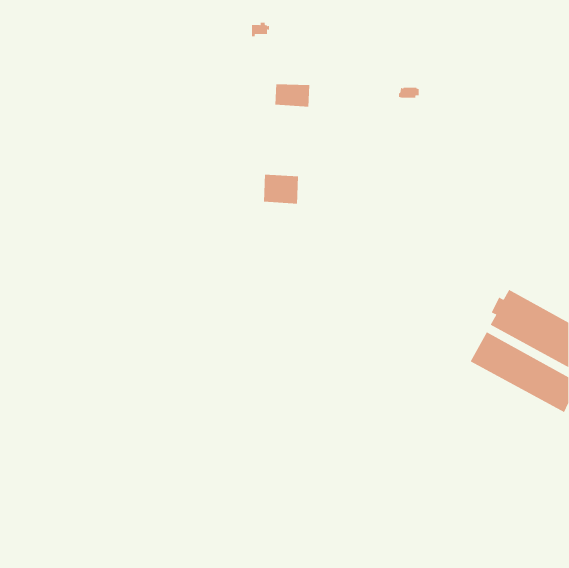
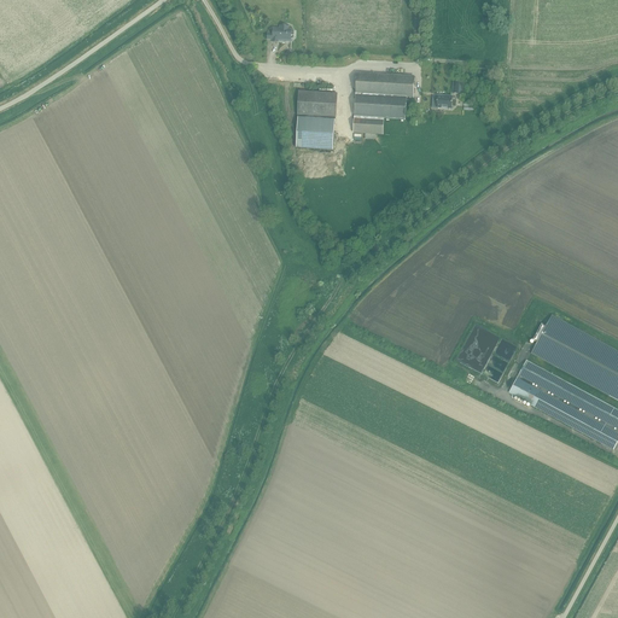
building: none -> [352,72,413,133]
building: [263,174,299,204] -> [296,116,334,148]

